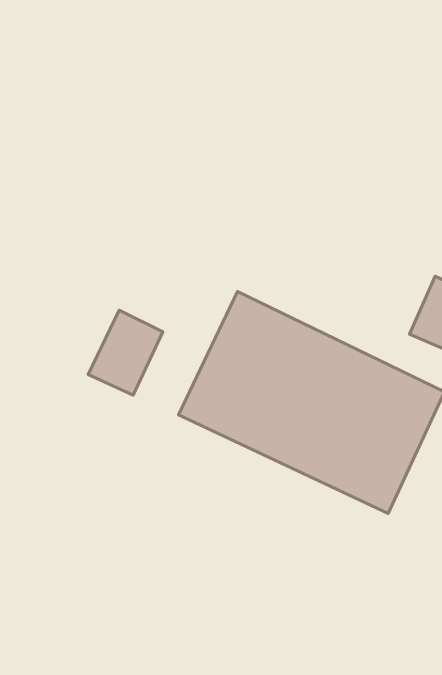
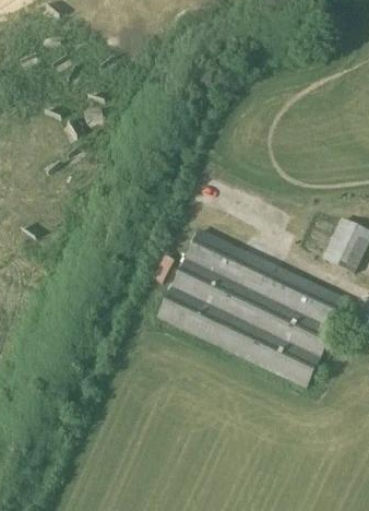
building: [88,310,163,395] -> none

